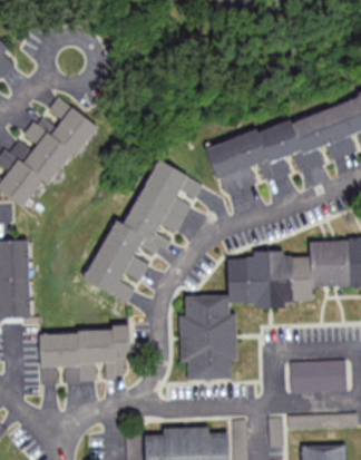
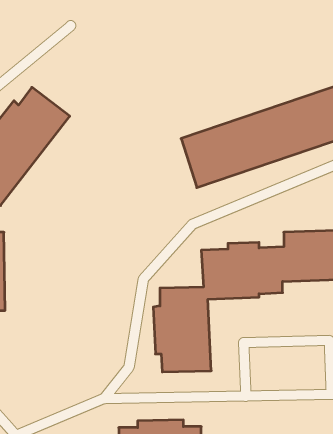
building: [82,158,203,303] -> none
building: [40,327,128,383] -> none
building: [291,361,347,391] -> none

